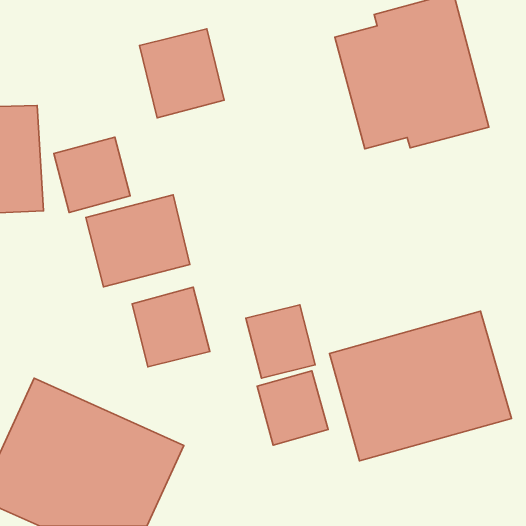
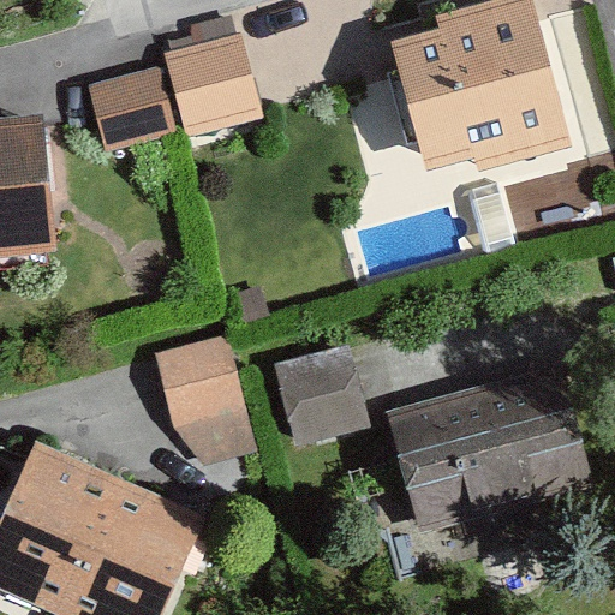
building: [54,137,130,212] -> [85,65,174,153]
building: [86,195,190,287] -> none
building: [257,371,328,445] -> none

